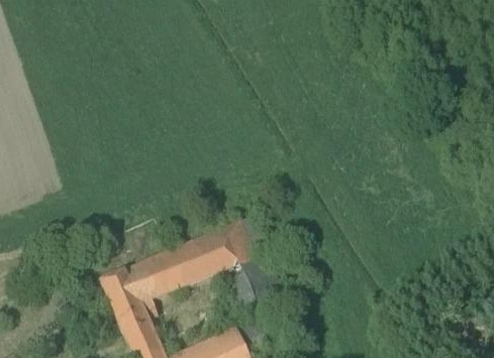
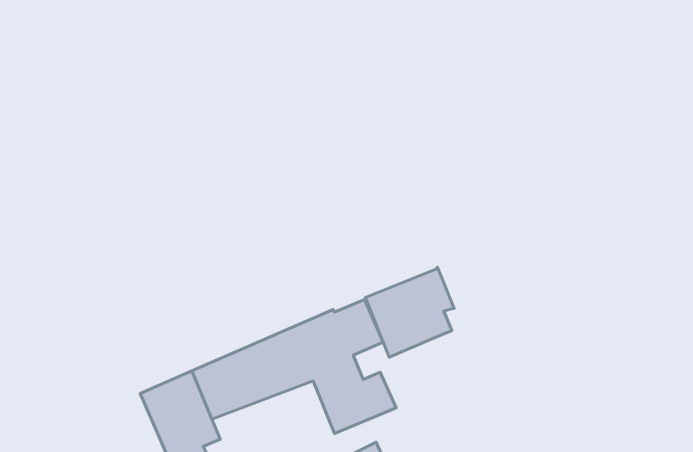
building: none -> [365,267,454,357]

